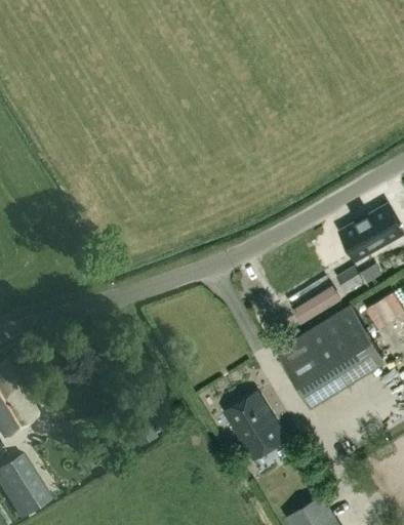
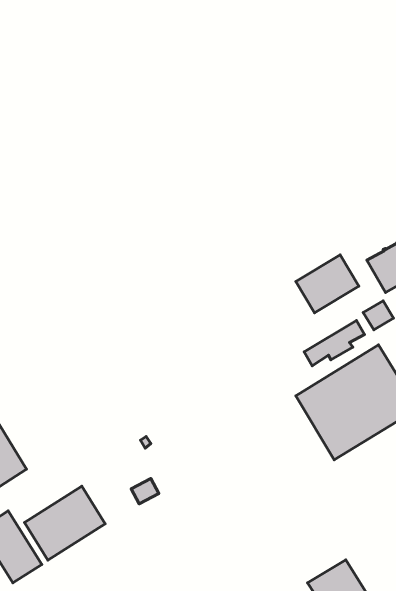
building: none -> [296,255,359,313]
building: [225,394,284,458] -> none
building: none -> [24,486,105,560]

